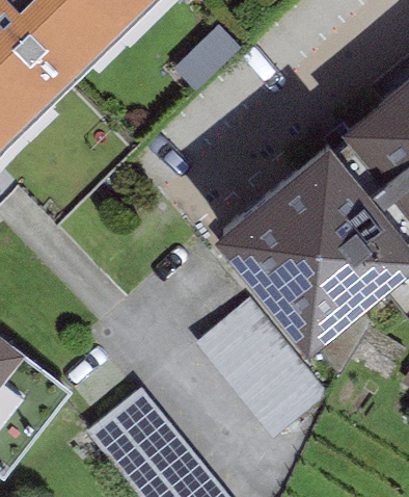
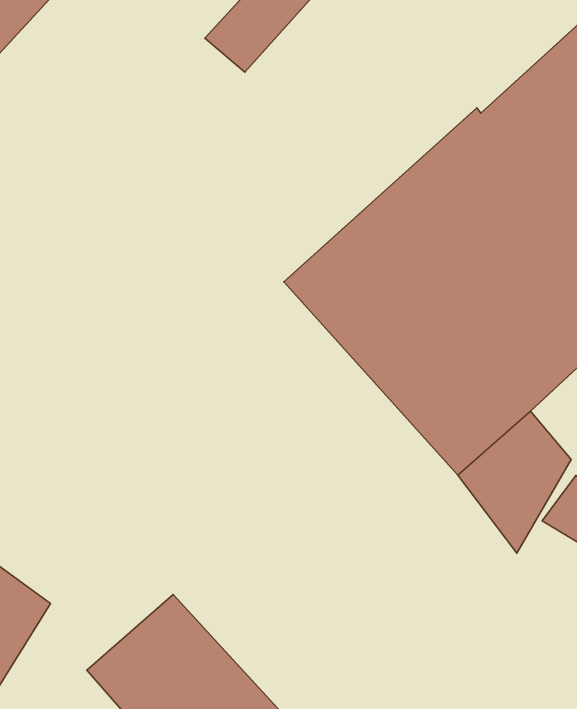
building: [201,310,331,446] -> none

